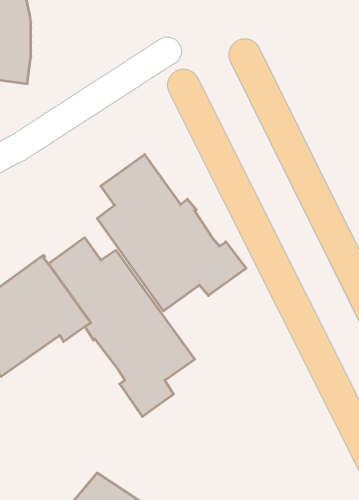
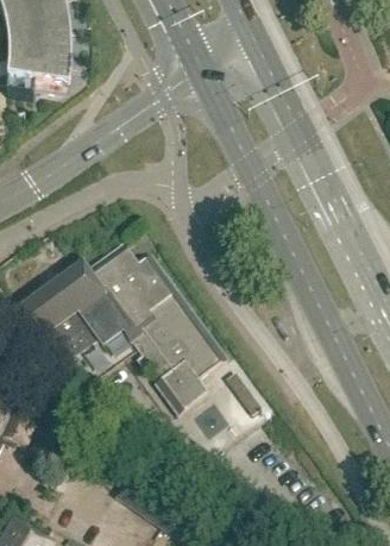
building: [97,154,246,311] -> none

